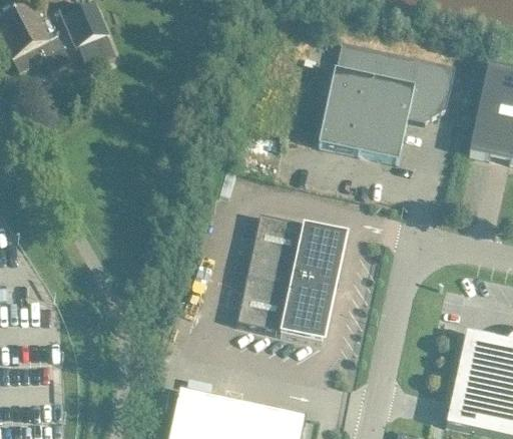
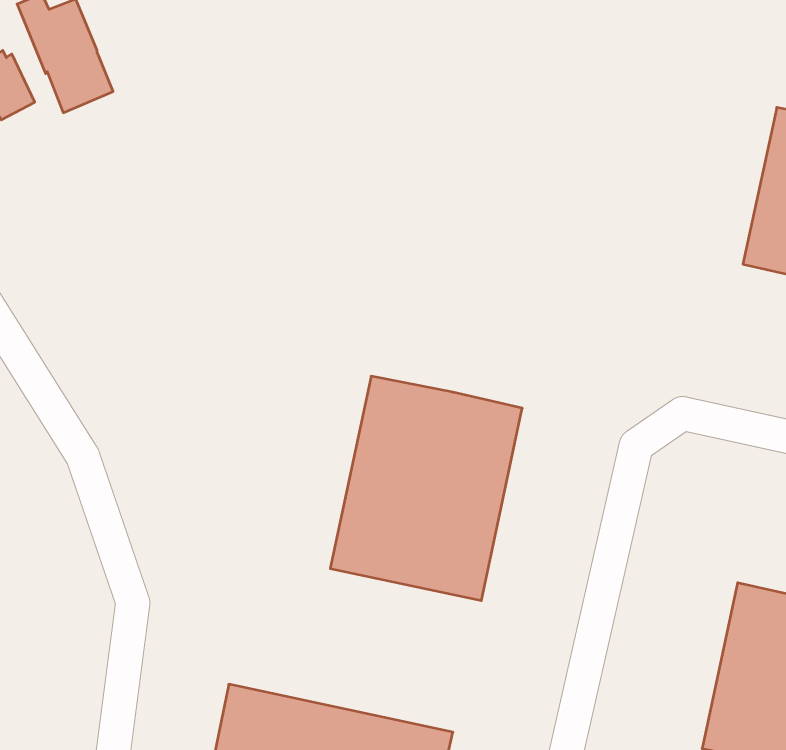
building: [319,41,456,160] -> none

